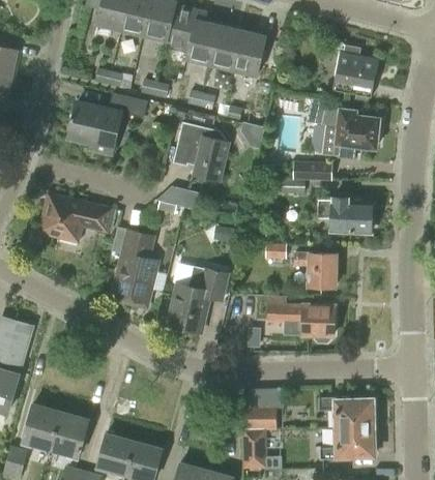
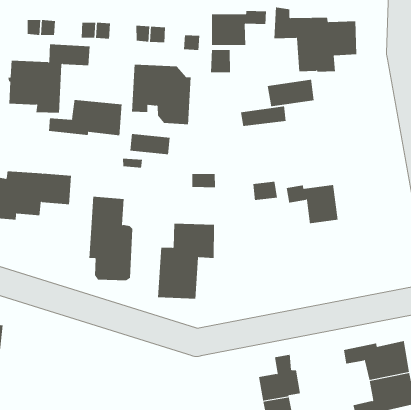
building: none -> [211,10,266,46]
building: none -> [49,99,122,136]
building: [316,198,372,233] -> none
building: [267,296,335,341] -> none

